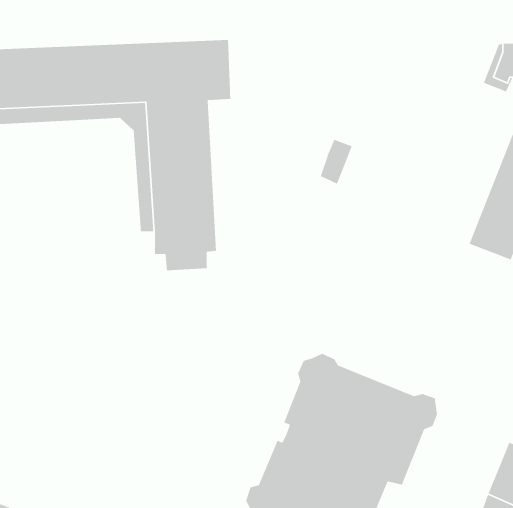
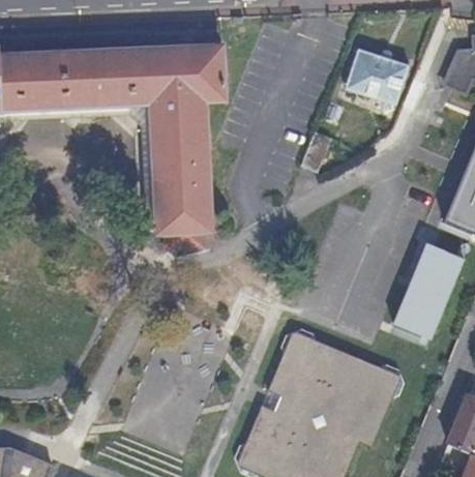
building: none -> [346,49,408,103]
building: none -> [394,242,466,339]

